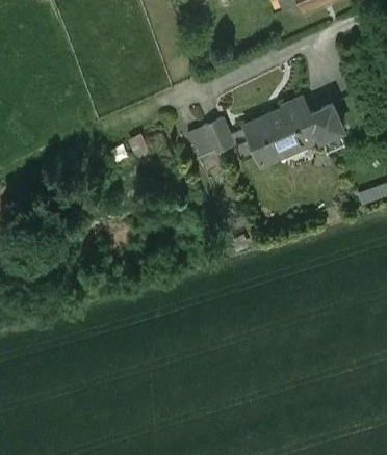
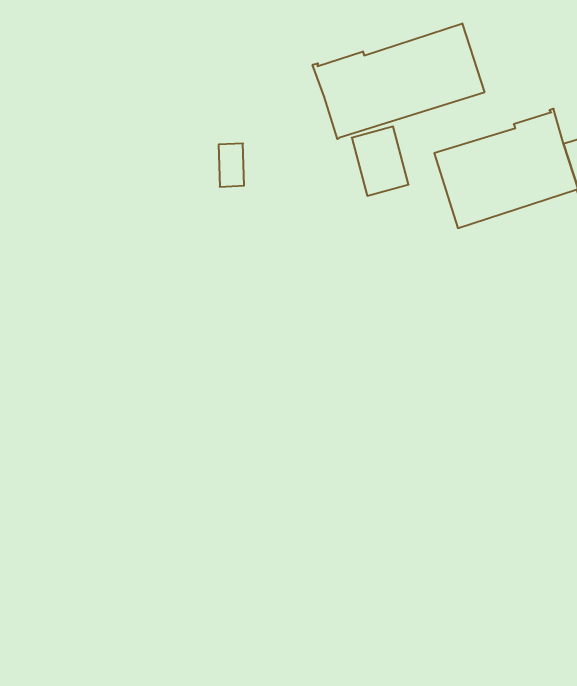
building: none -> [313,23,484,139]

